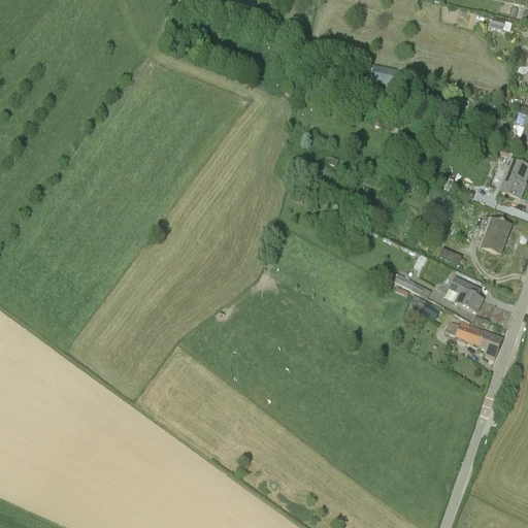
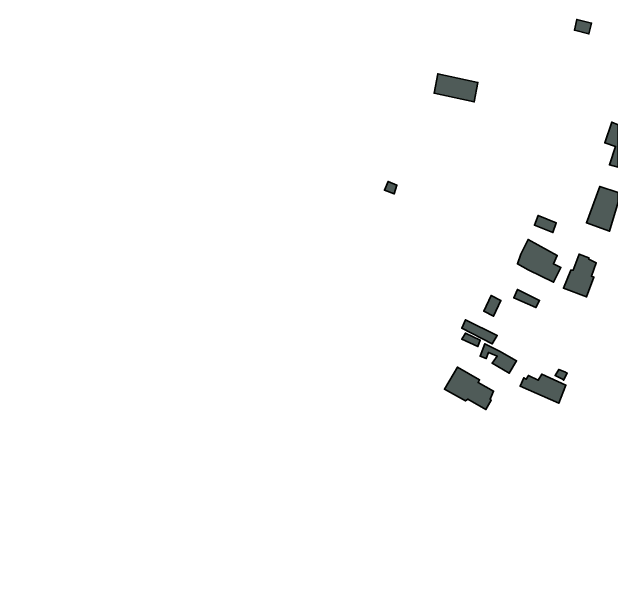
building: [447,274,484,310] -> [517,240,561,282]
building: none -> [445,367,493,409]
building: [476,328,502,357] -> none

